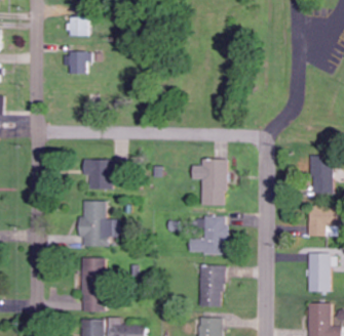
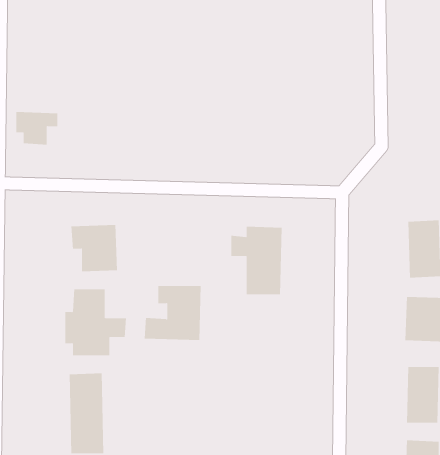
building: [67,16,88,36] -> none
building: [64,51,92,74] -> [15,112,58,145]
building: [188,216,227,253] -> [144,285,202,340]
building: [199,265,224,306] -> none

